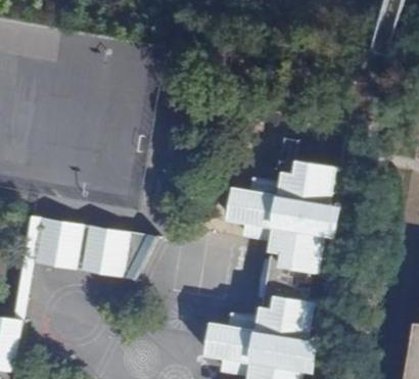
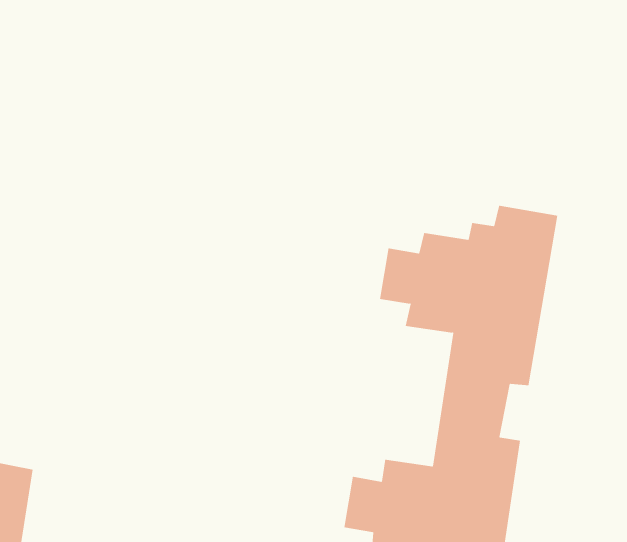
building: [17,215,156,280] -> none

